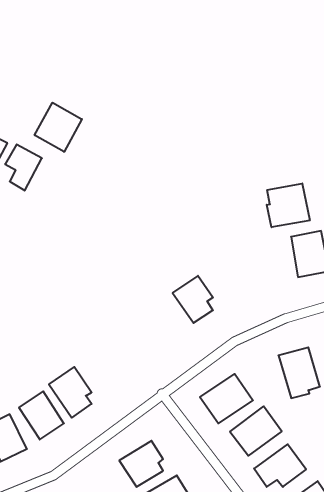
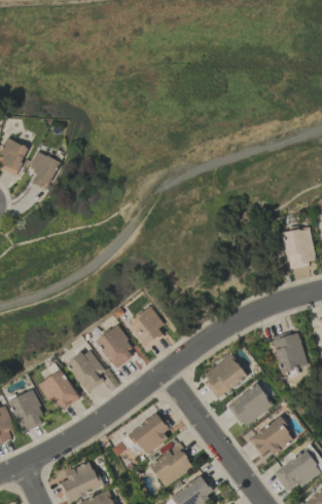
building: [35,103,82,152] -> none
building: [267,183,310,227] -> none
building: [173,276,213,323] -> [128,305,164,347]
building: none -> [95,324,136,367]

